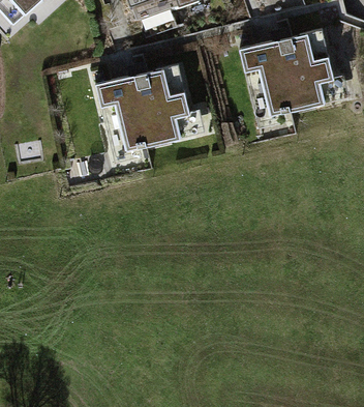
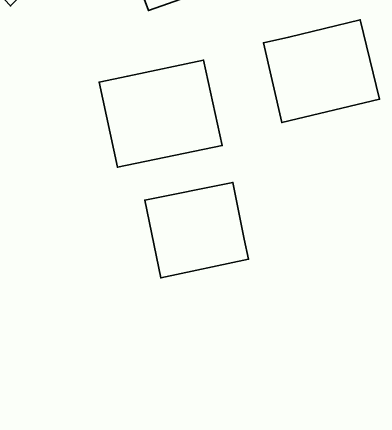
building: none -> [145,183,248,278]

